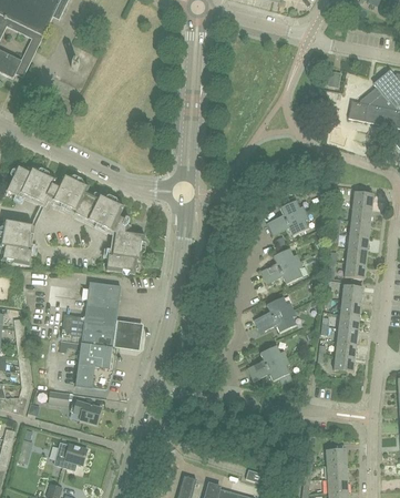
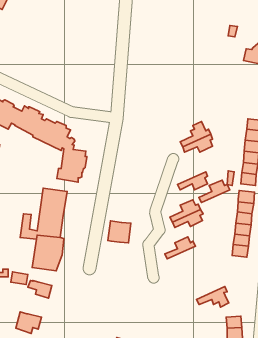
building: [259,248,299,277] -> [199,180,230,203]
building: [111,321,141,349] -> [108,221,131,243]
building: [249,357,291,384] -> [196,287,229,307]

